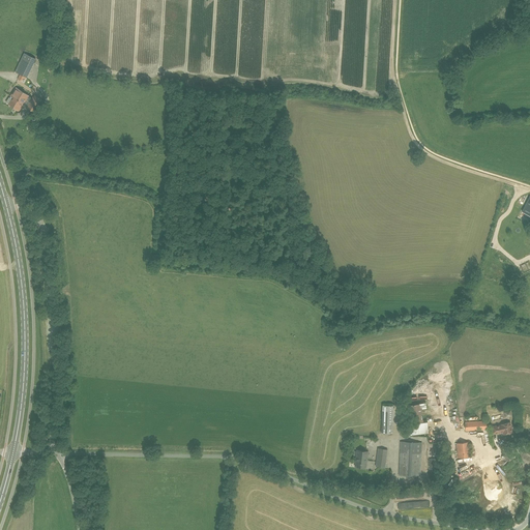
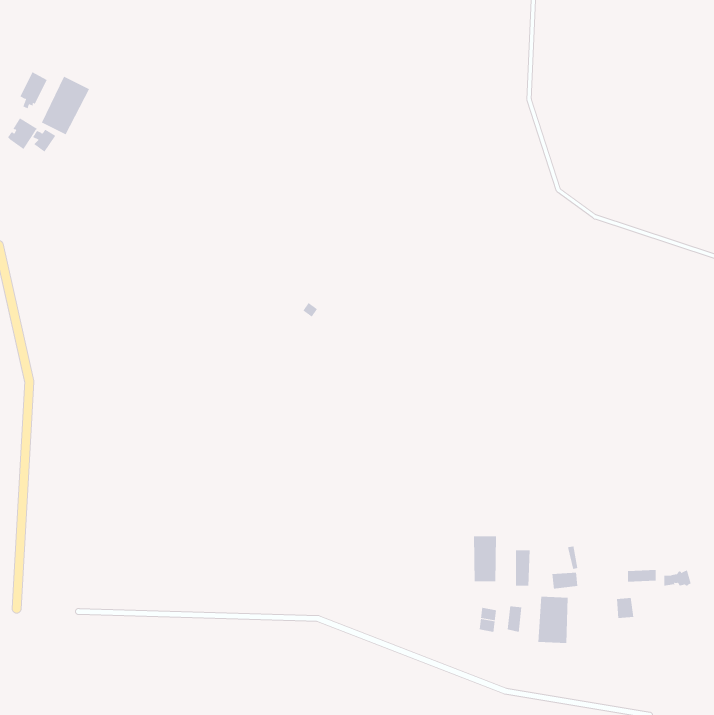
building: none -> [41,76,90,135]
building: none -> [474,536,497,582]

